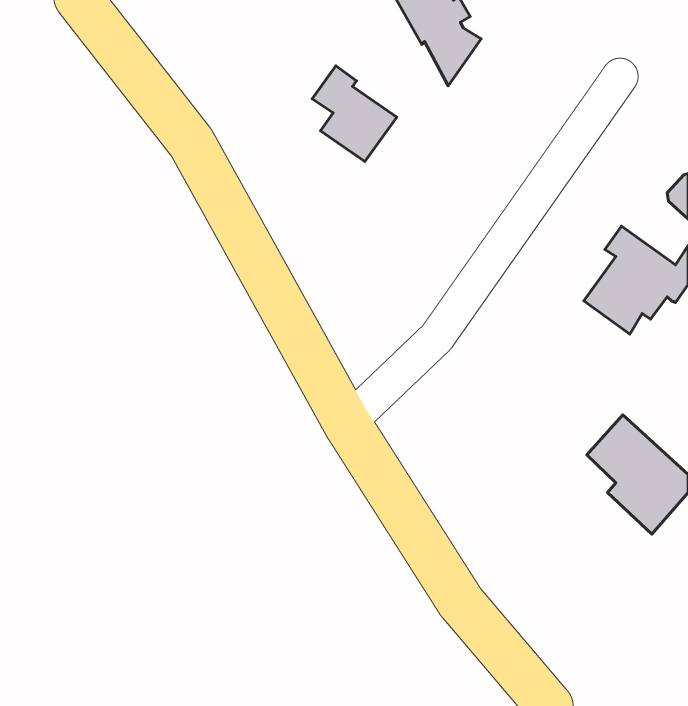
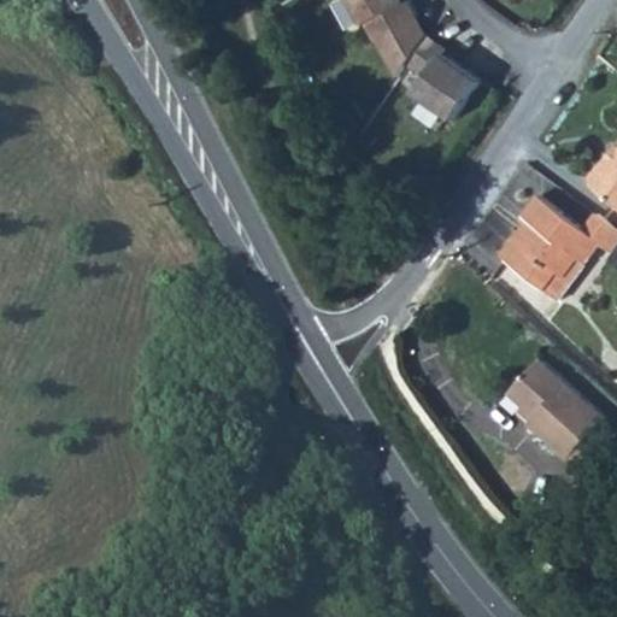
building: [312,66,397,161] -> [398,34,471,117]

